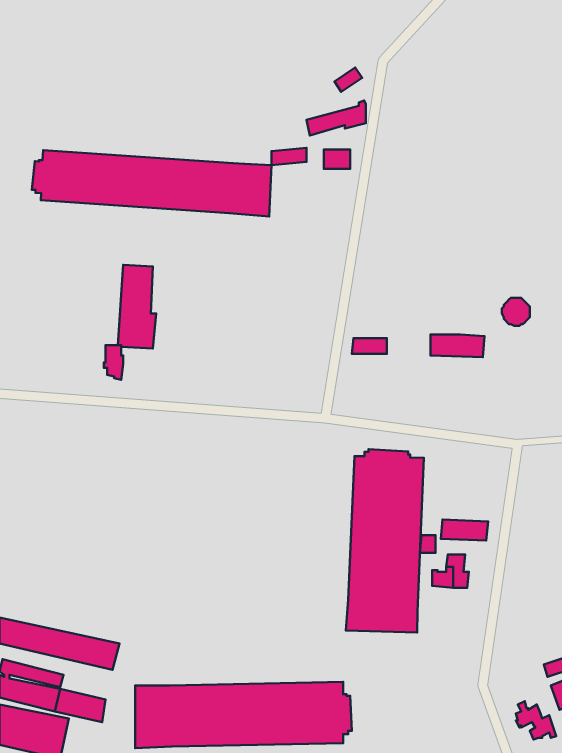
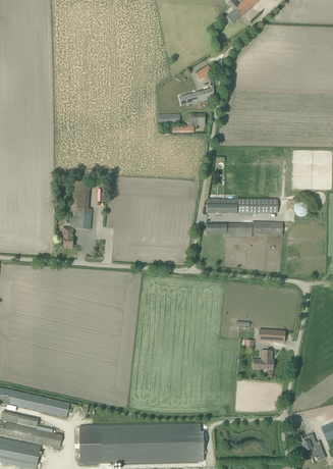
building: [32,150,271,217] -> none
building: none -> [206,199,277,214]
building: [346,449,424,632] -> none

